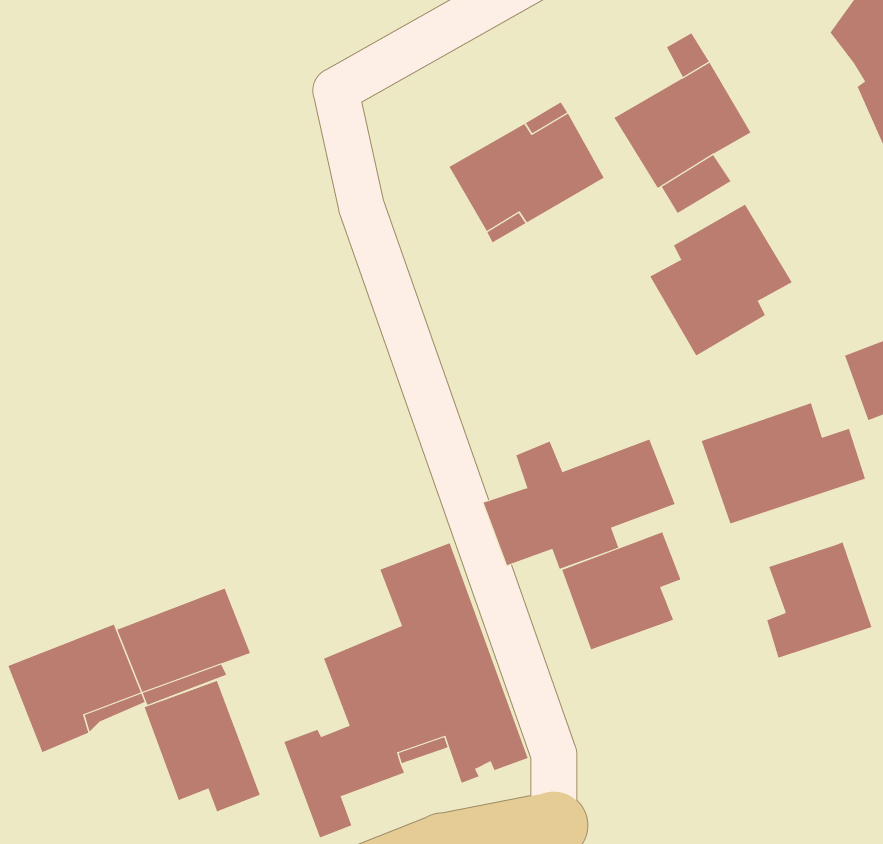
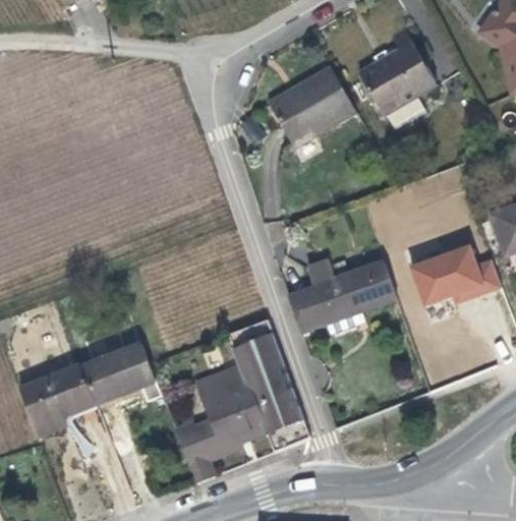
building: [650,204,792,357] -> none
building: [561,531,681,650] -> none
building: [767,542,872,659] -> none
building: [144,680,260,812] -> none

